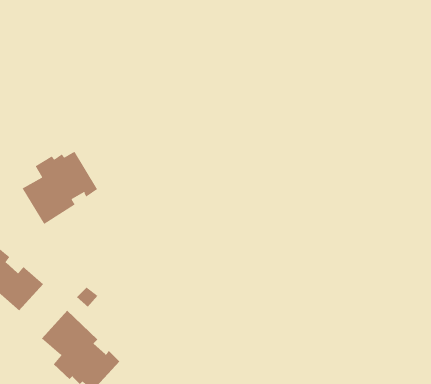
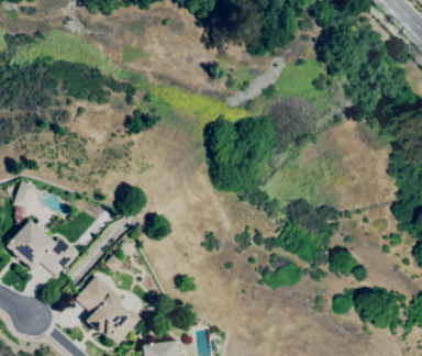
building: [22,151,98,225] -> none

